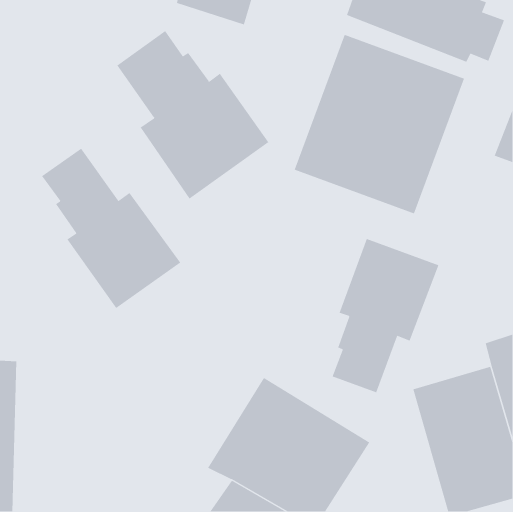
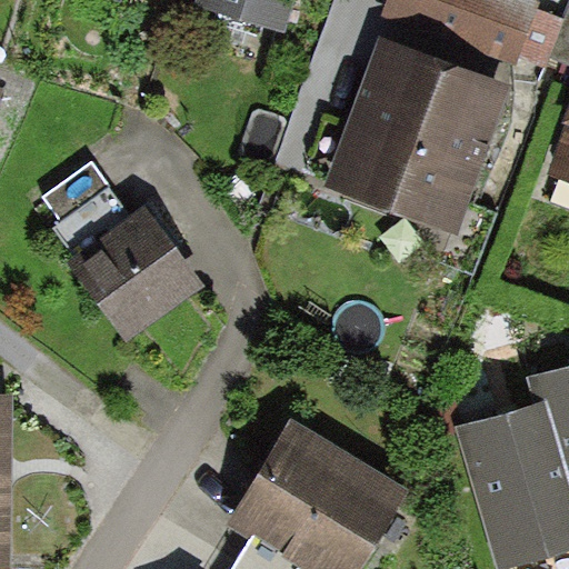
building: [116,30,269,199] -> none
building: [332,238,439,393] -> none

